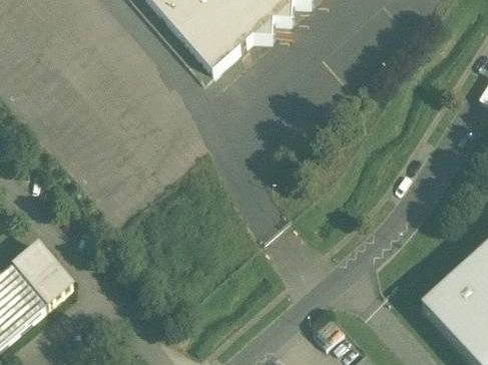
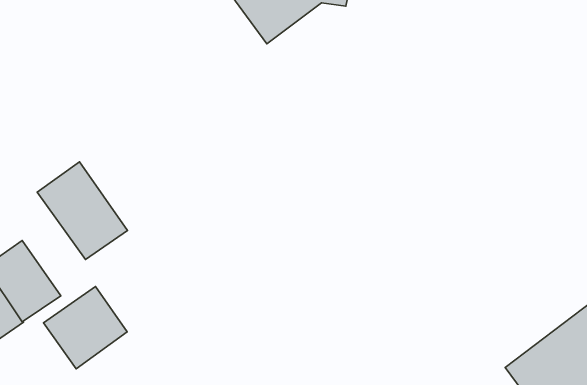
building: none -> [37,162,127,260]
building: none -> [43,287,127,369]

